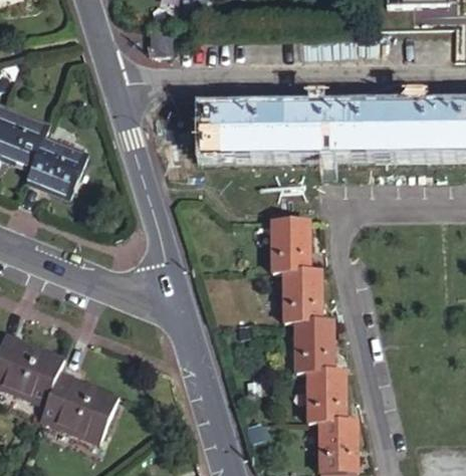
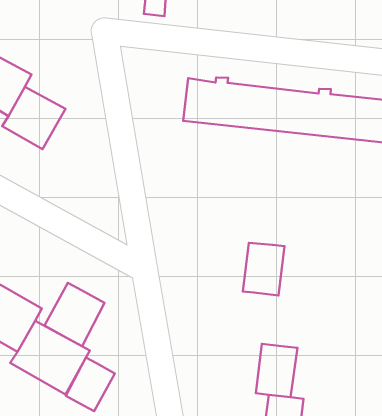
building: [269,216,306,267] -> none
building: [292,316,331,367] -> none
building: none -> [44,283,105,346]
building: none -> [66,357,115,411]

